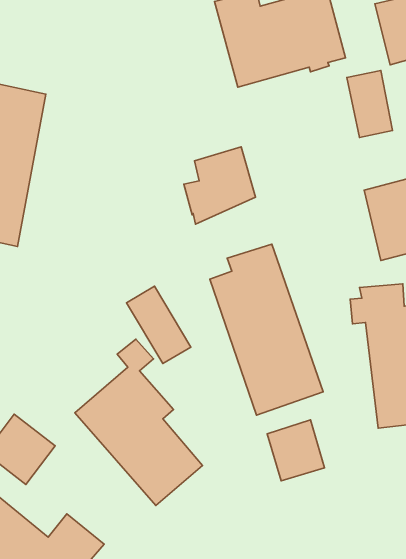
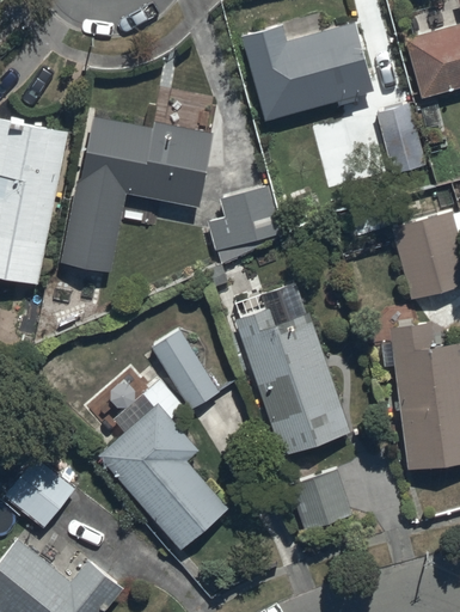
building: none -> [62,116,215,274]

